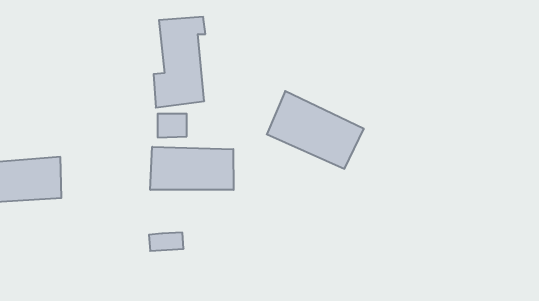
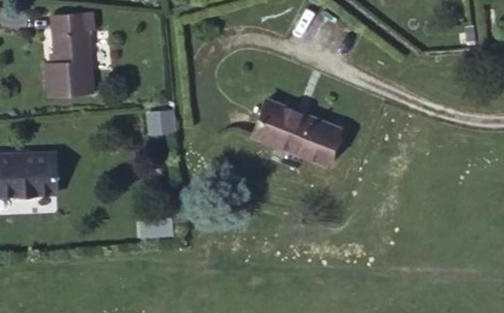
building: [154,17,205,108] -> [46,16,94,100]
building: [150,147,234,190] -> none

